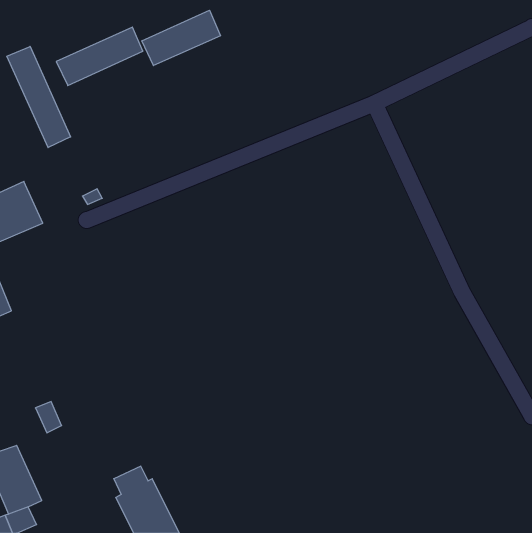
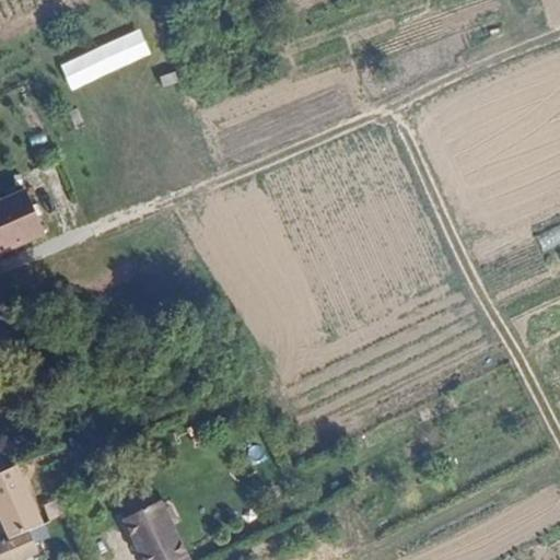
building: [142,10,220,66] -> none
building: [7,46,71,148] -> none

